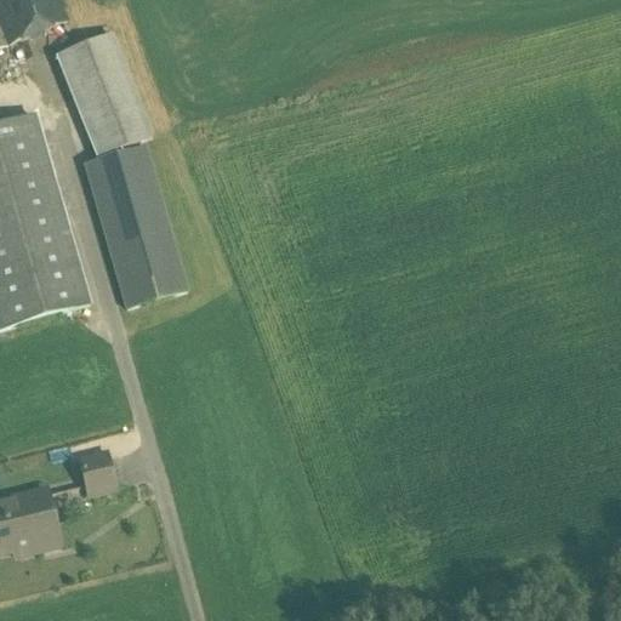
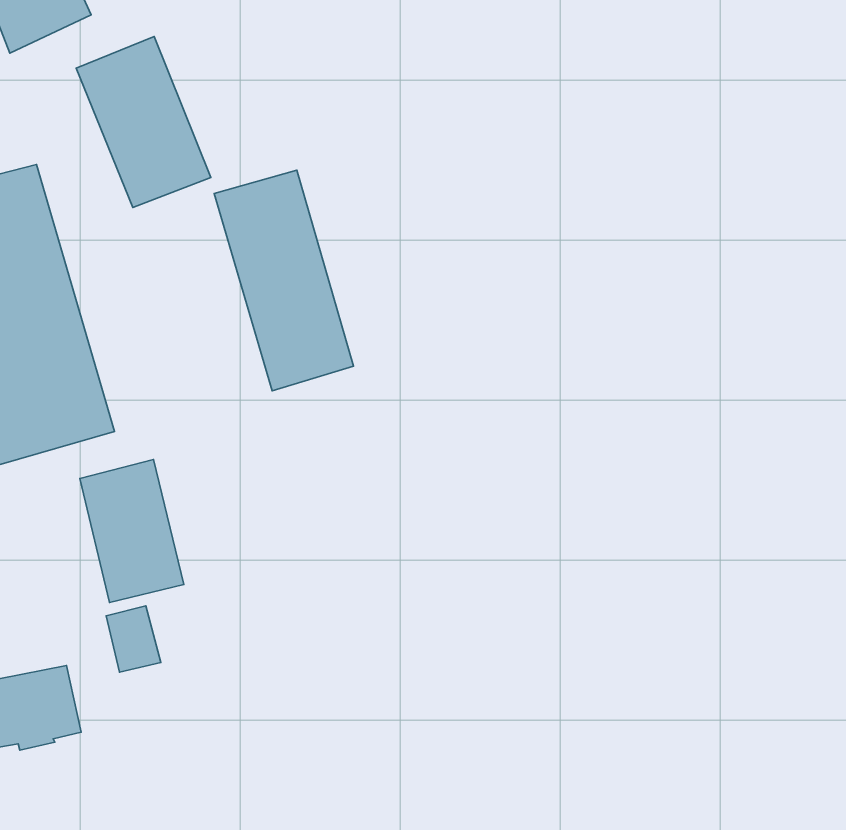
building: [85,141,187,302] -> [214,170,353,391]
building: none -> [80,459,184,603]

